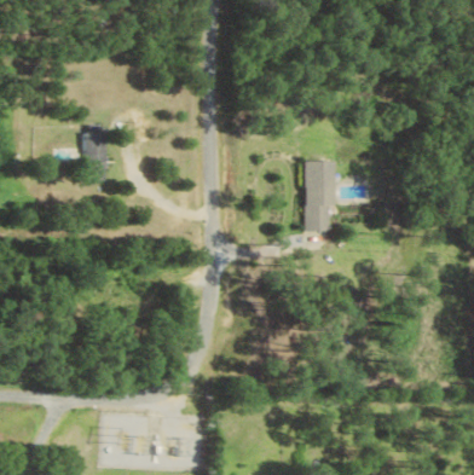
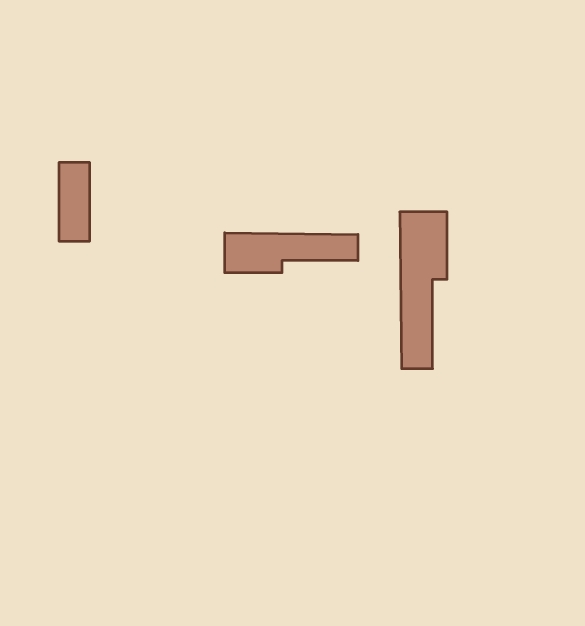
building: none -> [225,233,358,273]

